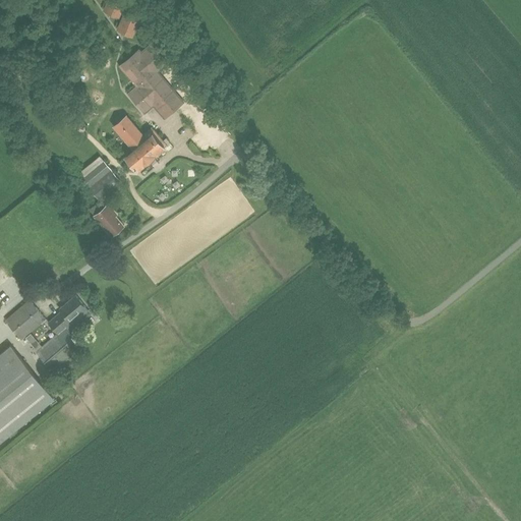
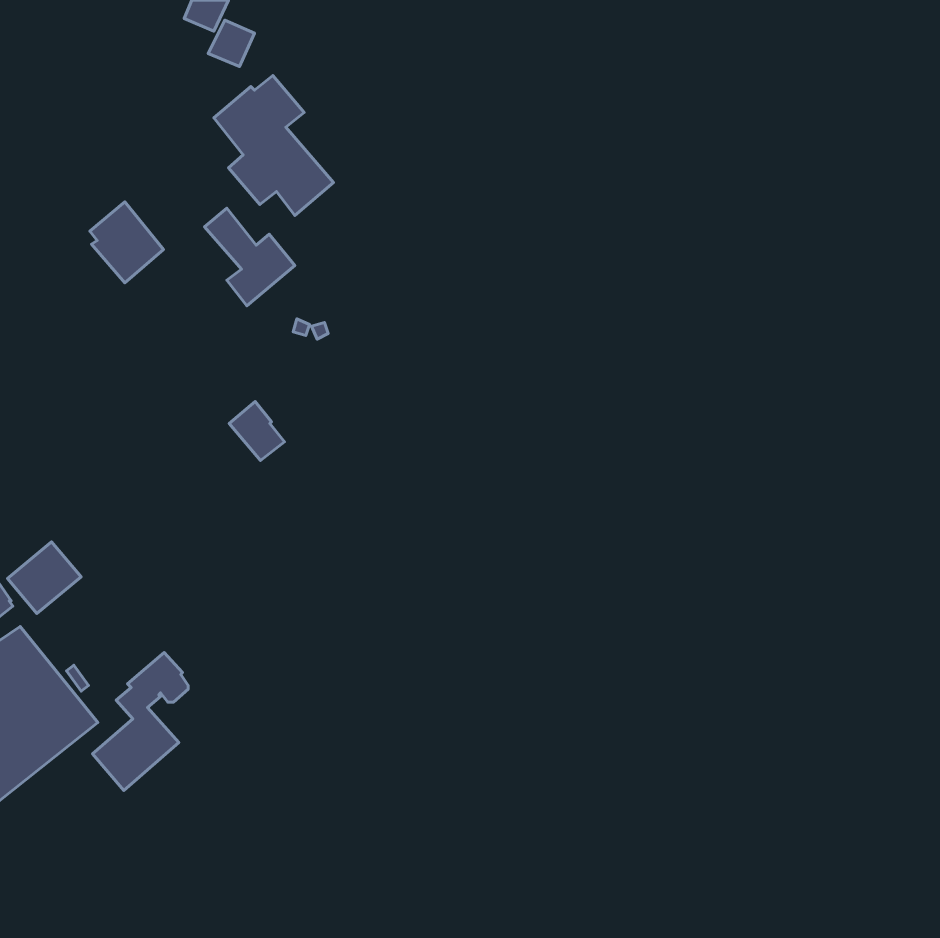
building: [79,157,120,201] -> [90,202,163,283]
building: [93,205,123,237] -> [229,401,284,460]
building: [35,297,88,373] -> [92,652,188,791]

